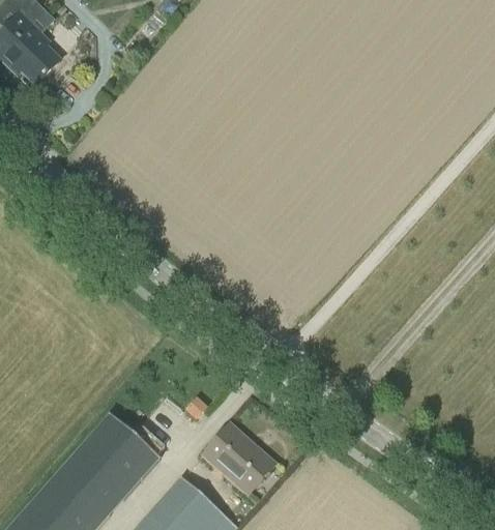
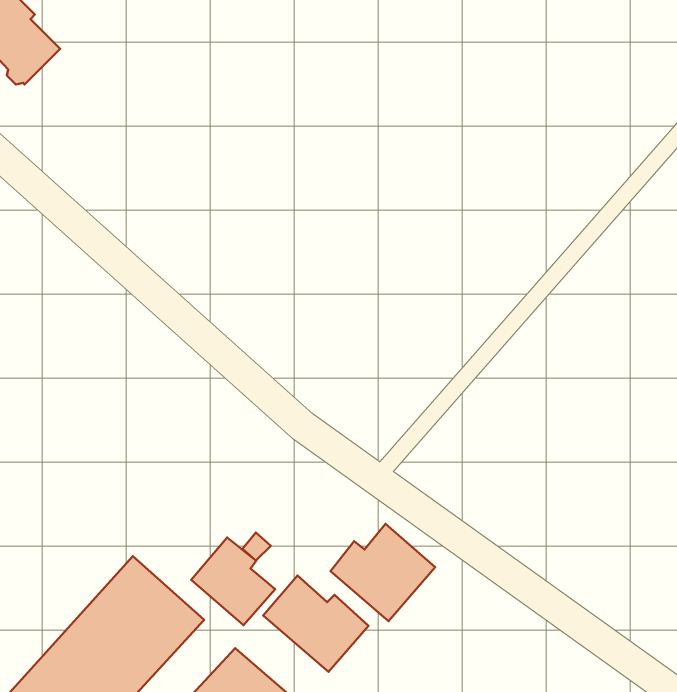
building: none -> [331,524,435,621]
building: none -> [191,537,275,625]

